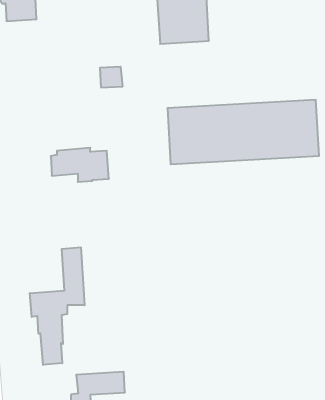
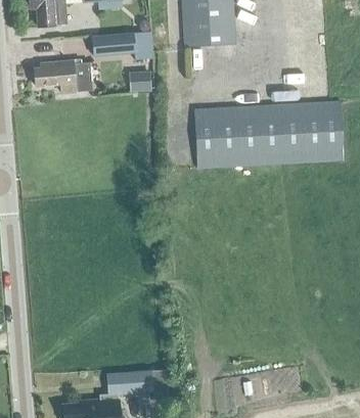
building: none -> [93,31,148,57]
building: [51,148,109,182] -> [34,58,91,92]
building: [30,247,85,365] -> none

